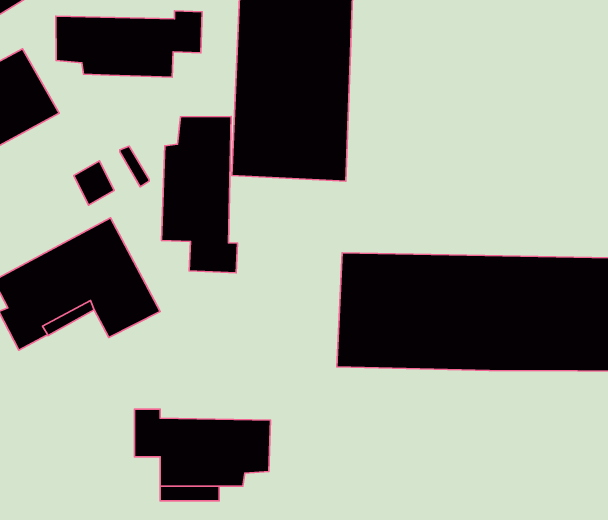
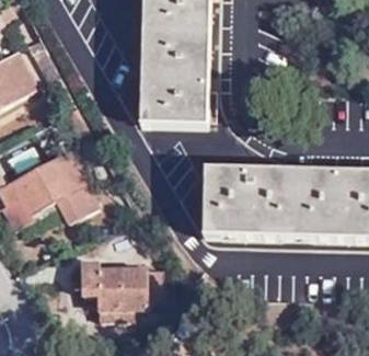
building: [56,11,202,77] -> none
building: [161,116,237,273] -> none

